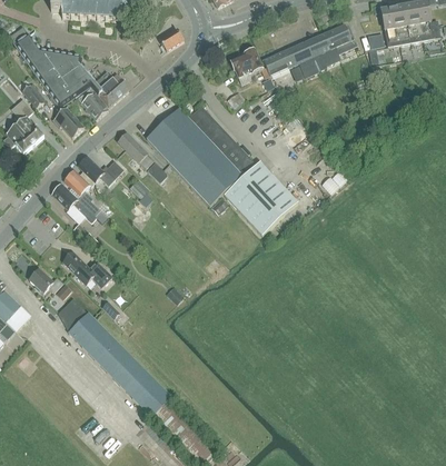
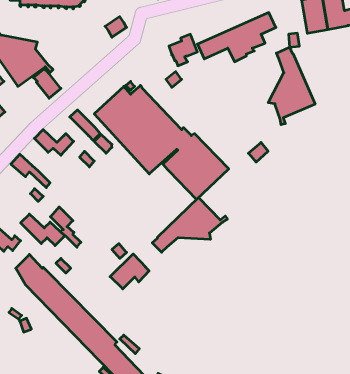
building: none -> [268,47,315,125]
building: [93,71,129,107] -> none
building: [51,106,83,137] -> none
building: [65,169,99,215] -> [50,207,81,247]
building: none -> [152,197,227,252]
building: none -> [110,254,149,289]

